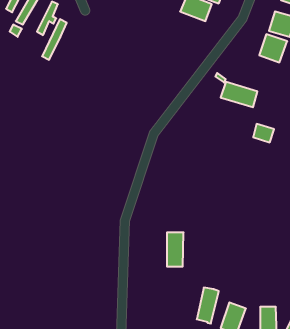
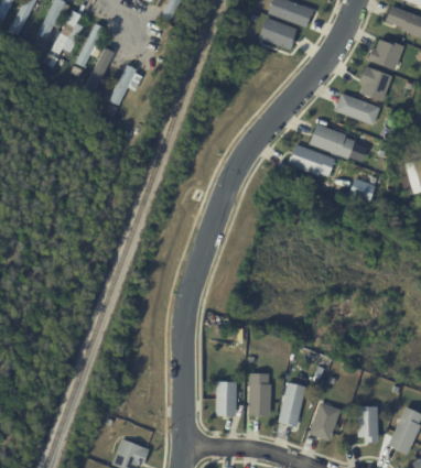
building: none -> [111,65,143,105]
building: none -> [334,91,380,123]
building: none -> [288,143,336,176]
building: [167,232,184,267] -> [249,372,270,415]
building: none -> [216,381,242,415]

